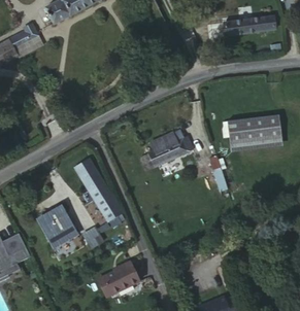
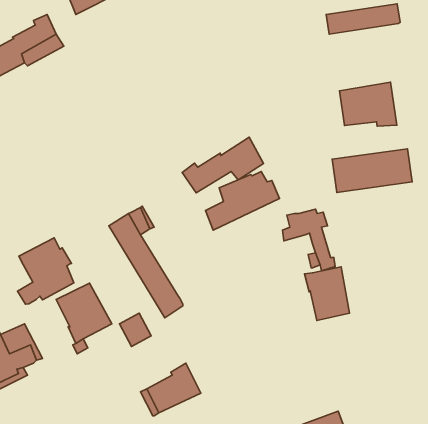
building: none -> [340,82,397,126]
building: none -> [182,137,264,193]
building: none -> [18,238,74,304]
building: none -> [304,267,350,321]

